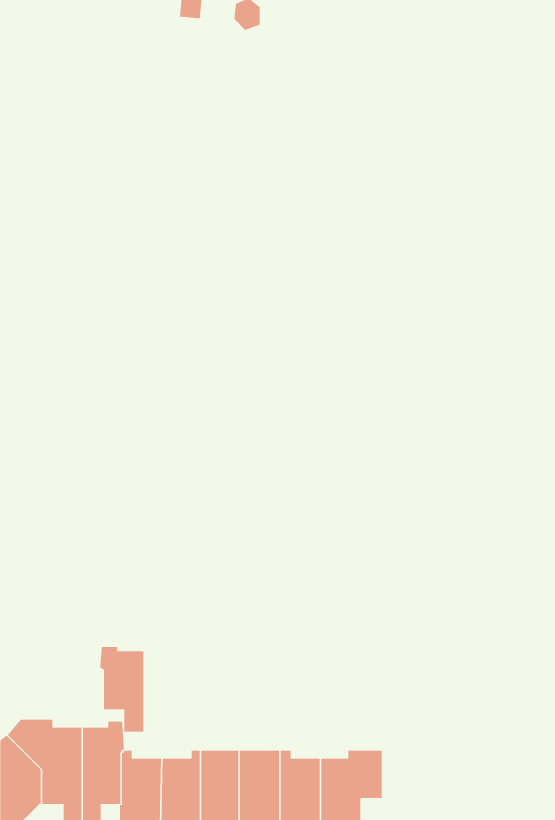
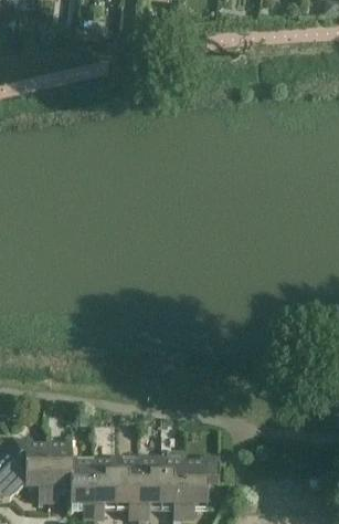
building: [99,646,144,732] -> none

